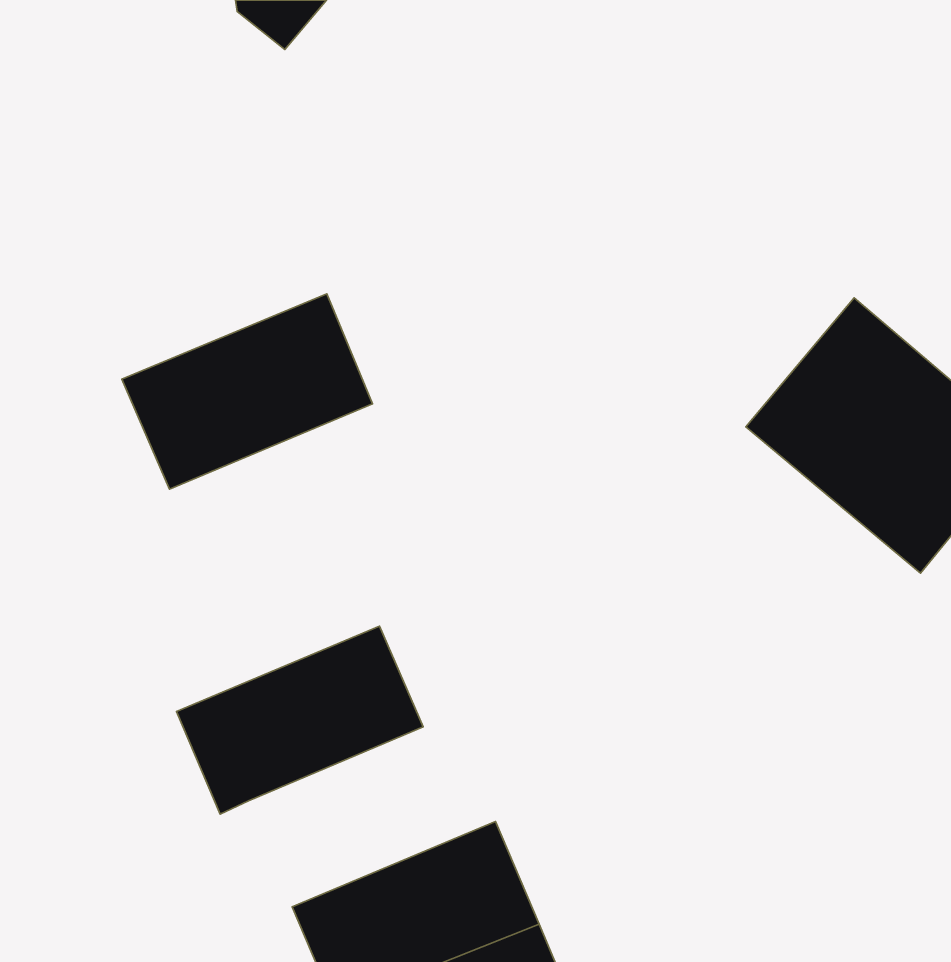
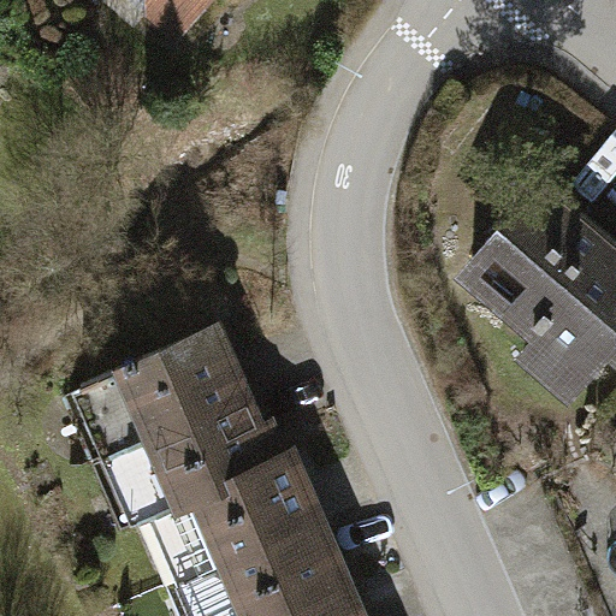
building: [122,294,372,489] -> [94,332,253,456]
building: none -> [170,458,326,580]

